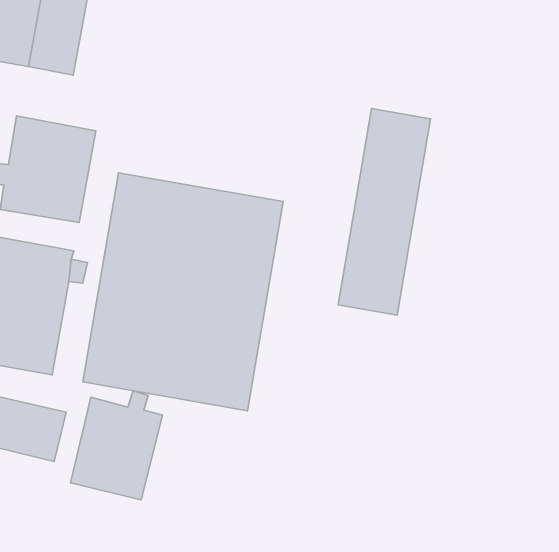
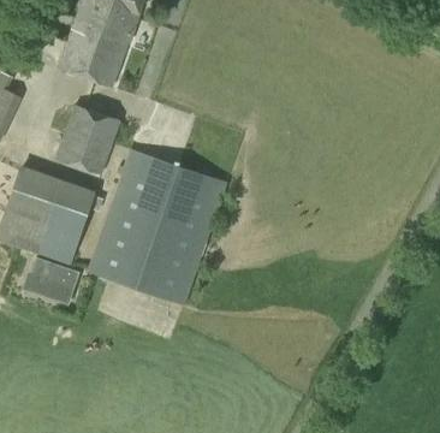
building: [338,109,430,315] -> none
building: [70,391,163,500] -> none

